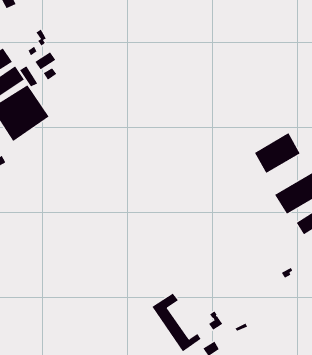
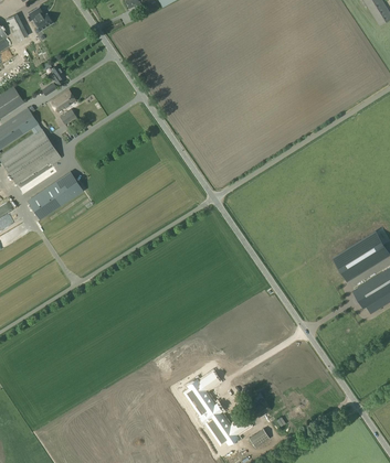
building: none -> [28,172,83,218]
building: [254,132,300,174] -> none

